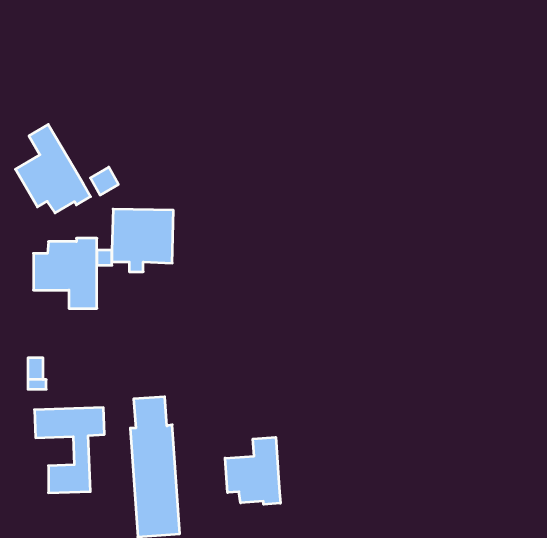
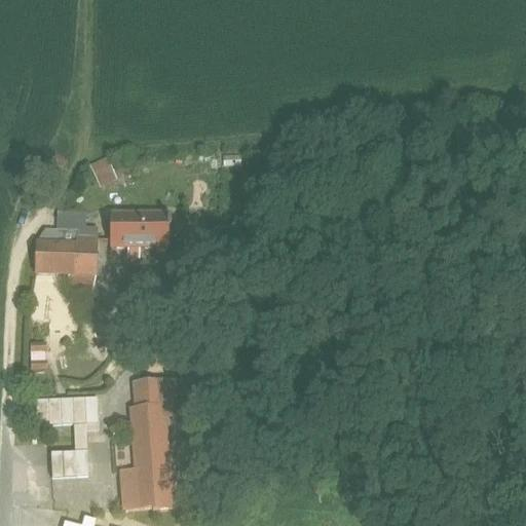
building: [15,124,91,213] -> none
building: [225,437,280,504] -> none

